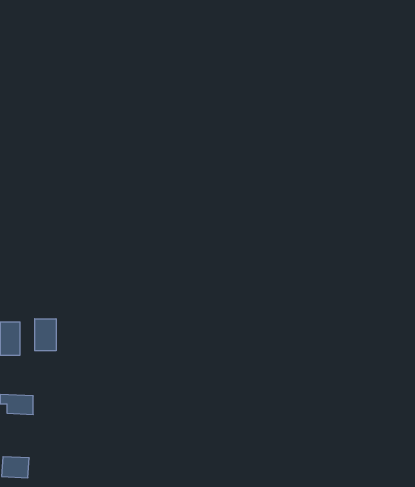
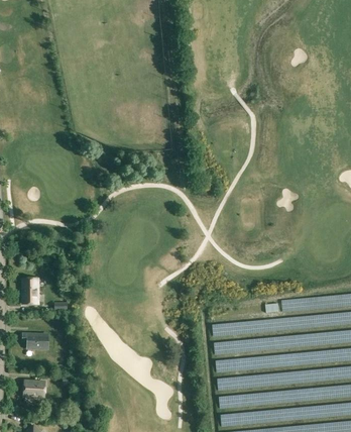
building: [35,319,56,351] -> none

